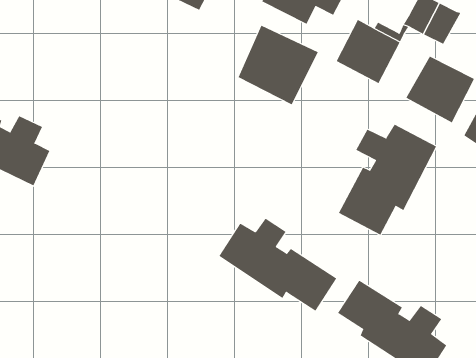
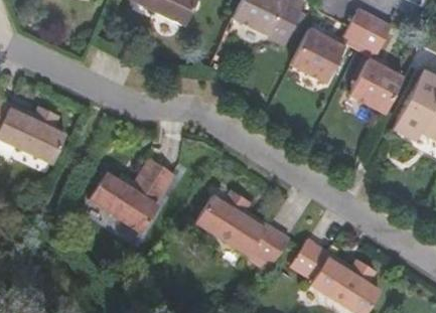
building: [238,25,318,105] -> none
building: [338,124,437,235] -> none
building: none -> [90,160,176,232]

